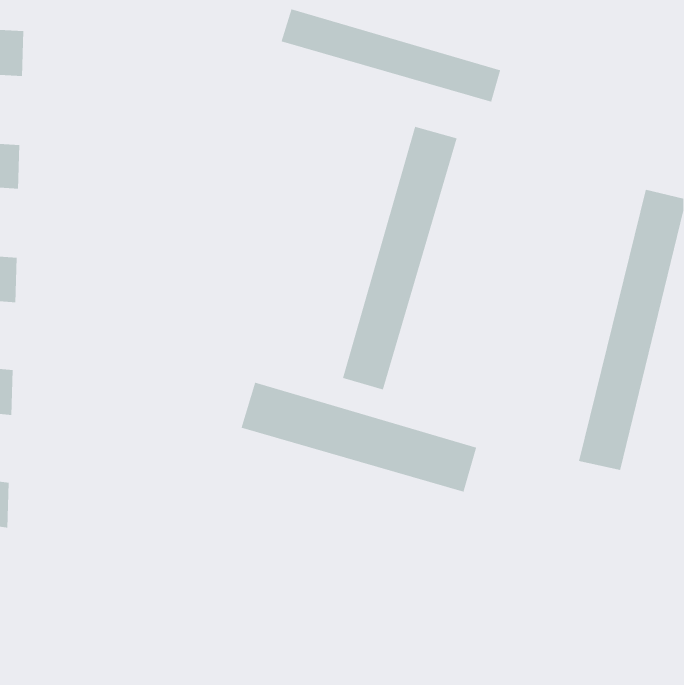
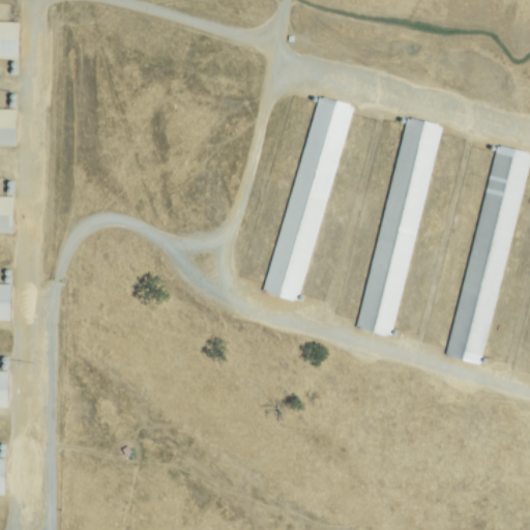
building: [281,8,501,102] -> none
building: none -> [357,119,441,336]
building: [241,382,477,492] -> none

